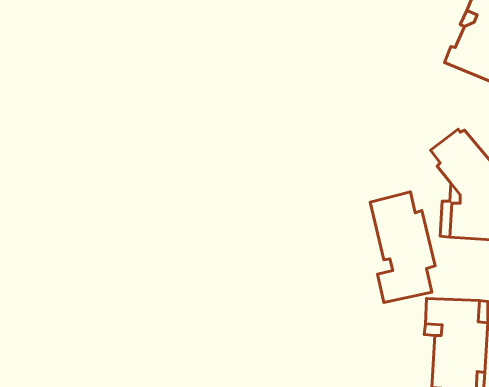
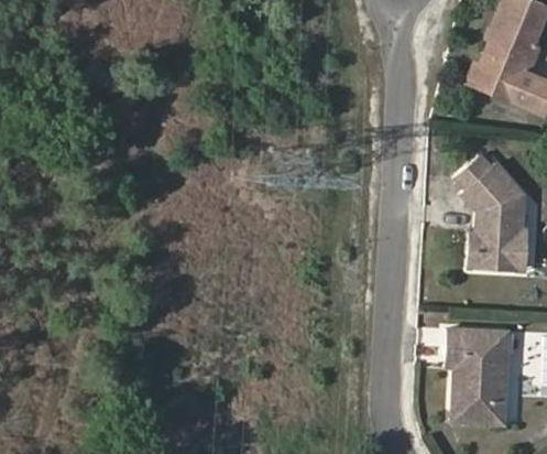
building: [370,192,435,303] -> none

